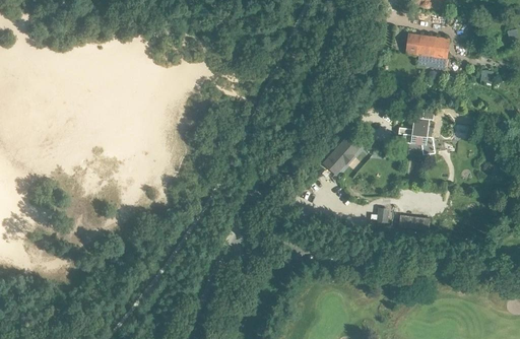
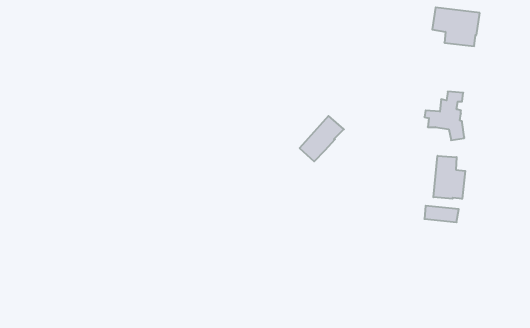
building: [322,134,363,176] -> [300,116,344,161]
building: none -> [433,156,465,199]

